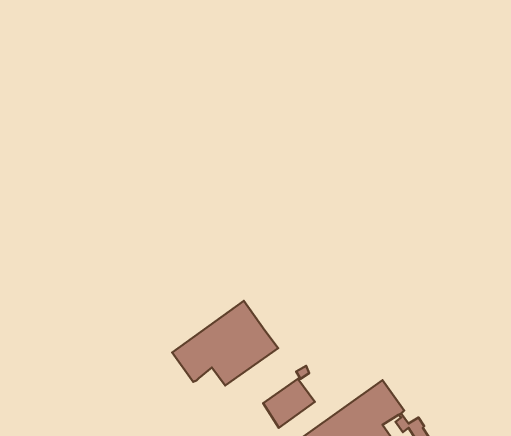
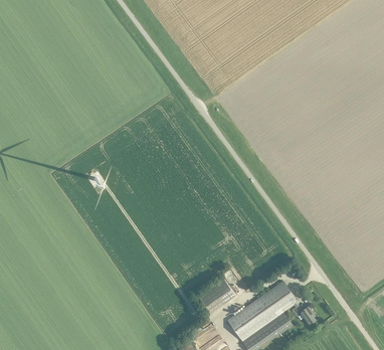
building: [172,301,278,385] -> none

